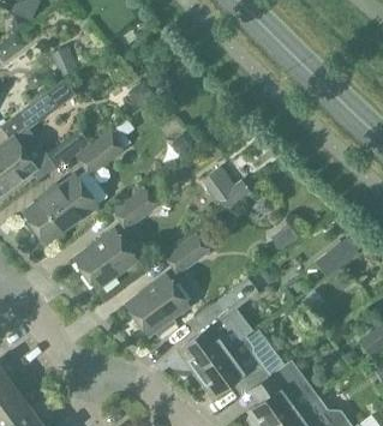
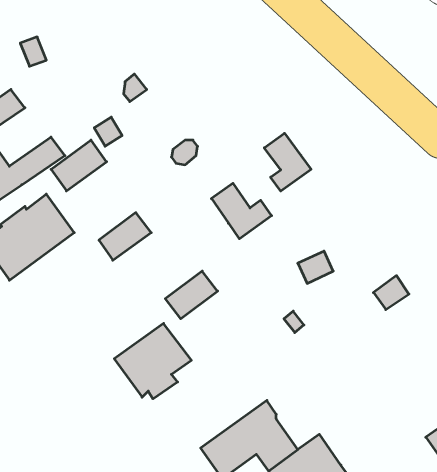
building: none -> [264,133,311,191]
building: [76,232,136,289] -> none
building: [178,278,258,374] -> none

